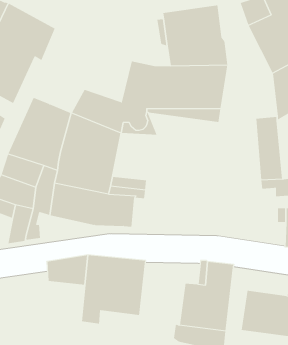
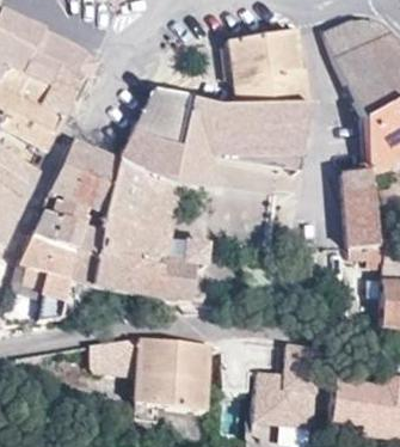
building: none -> [135,88,192,147]

